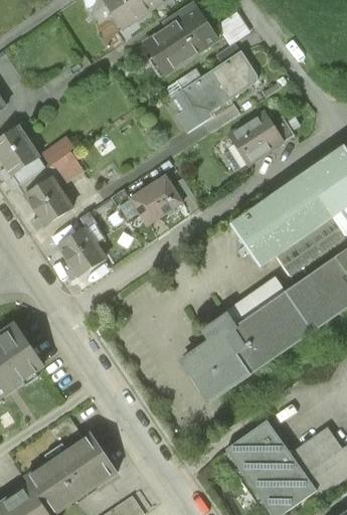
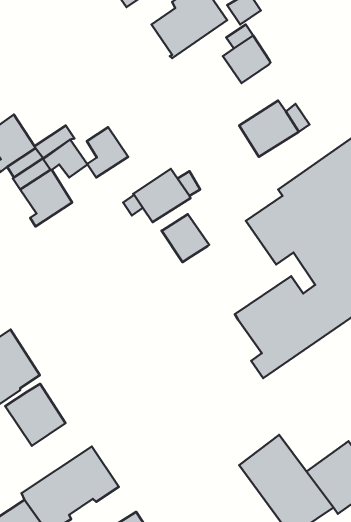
building: [176,72,229,133] -> none
building: none -> [87,127,128,178]
building: none -> [162,214,209,262]
building: [58,228,106,281] -> none
building: [180,317,249,401] -> none
building: none -> [5,384,66,446]

